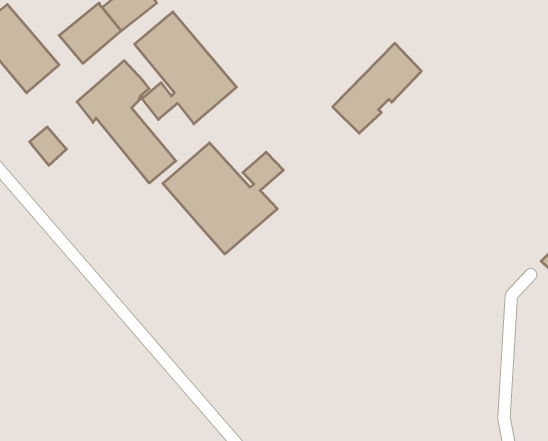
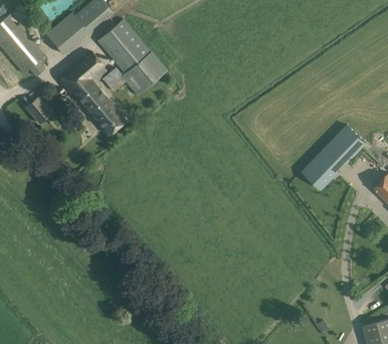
building: [333,43,421,133] -> [305,124,365,185]
building: [163,143,283,254] -> none

